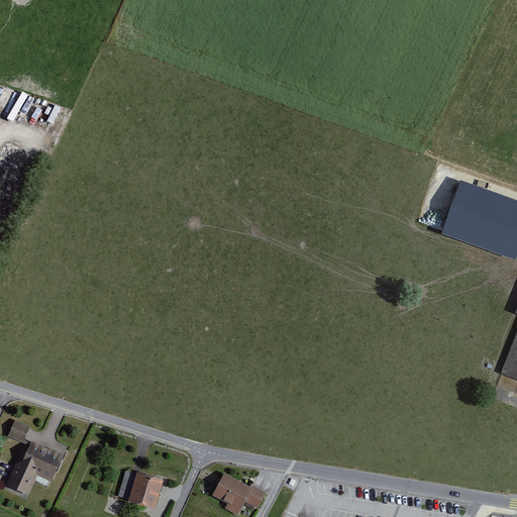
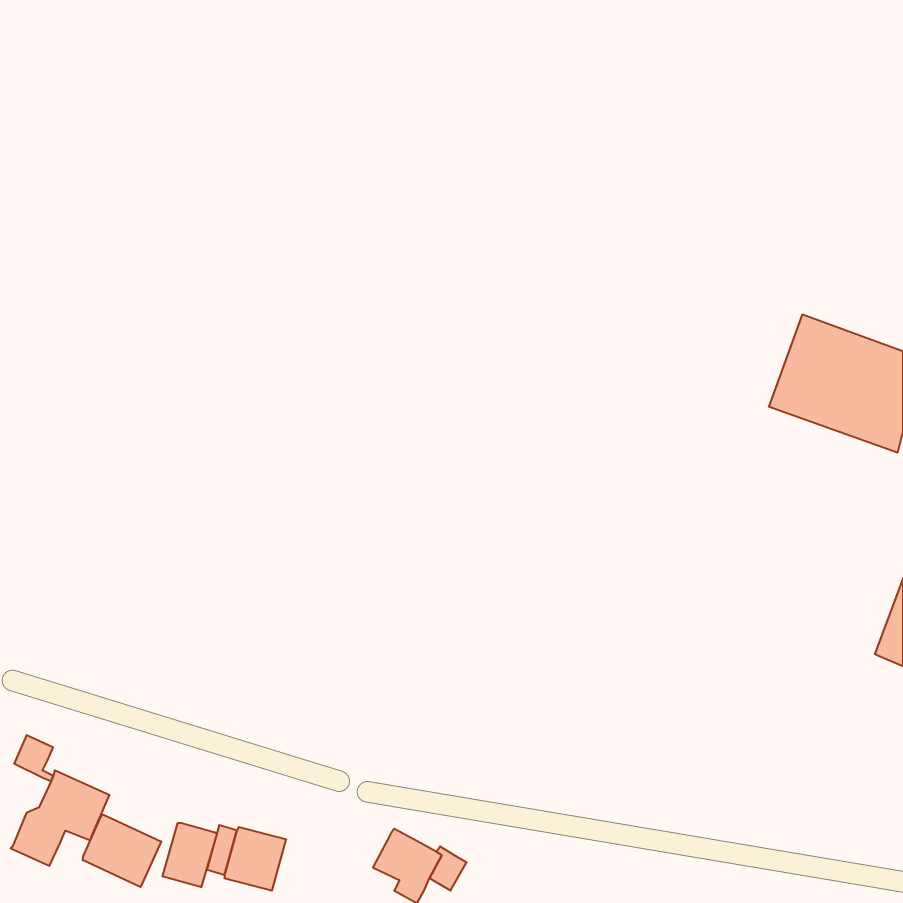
building: none -> [83,815,161,887]
building: none -> [162,823,217,887]

